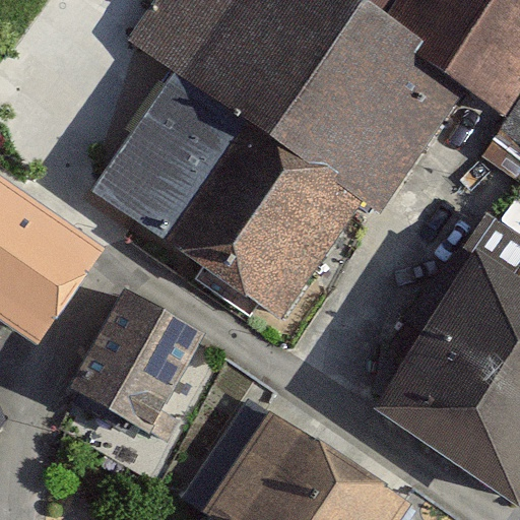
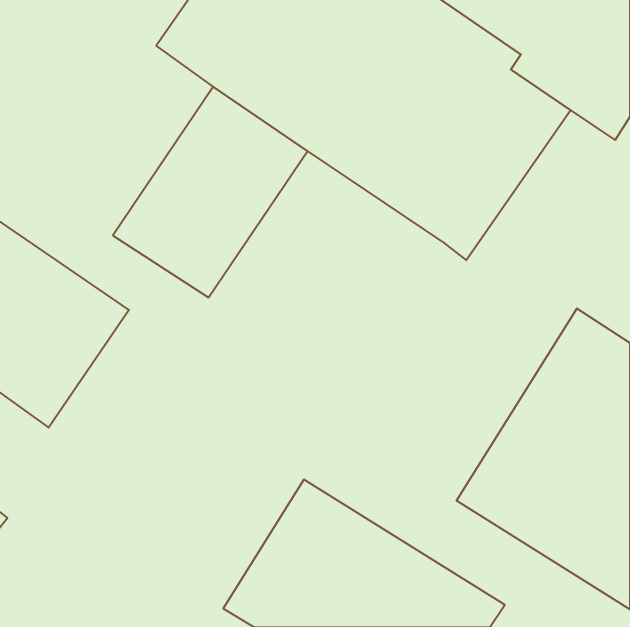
building: [171,124,364,319] -> none
building: [74,296,201,448] -> none

